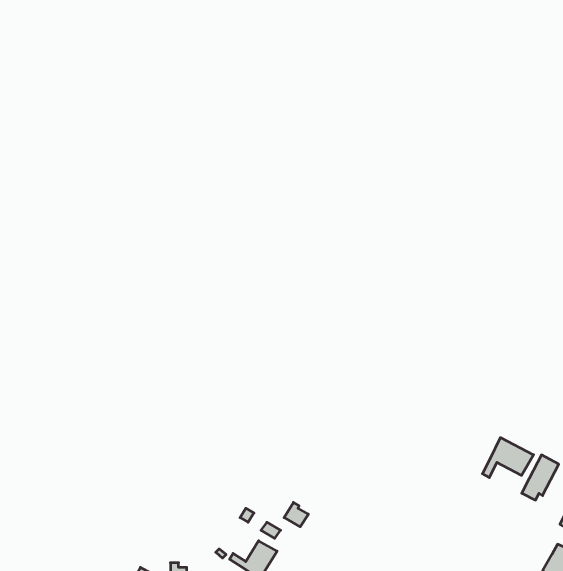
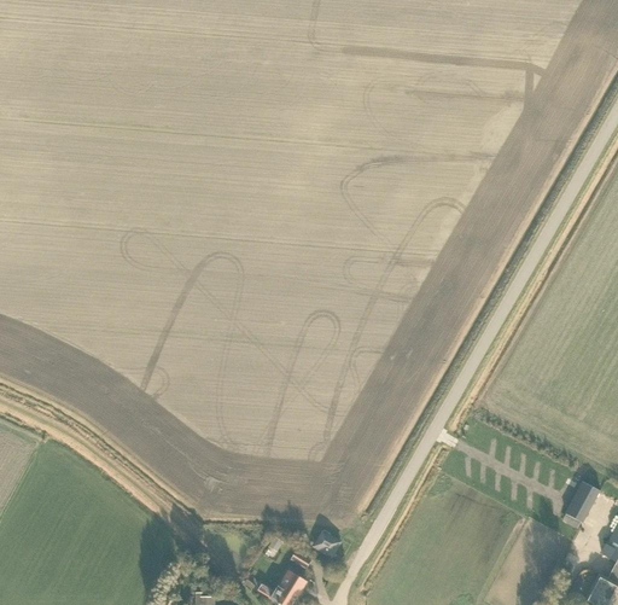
building: [482,438,534,478] -> none

